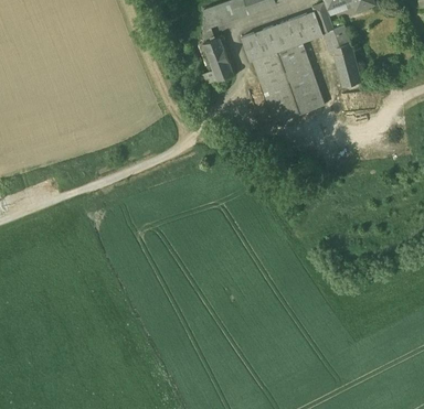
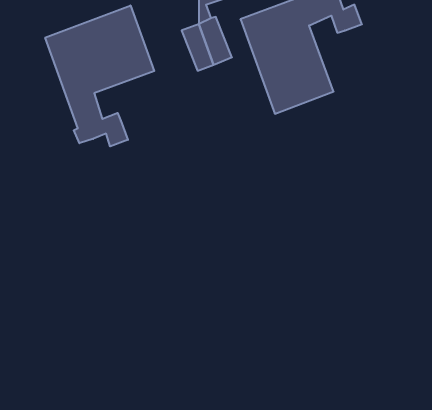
building: none -> [45,5,154,146]
building: [335,43,362,86] -> none

